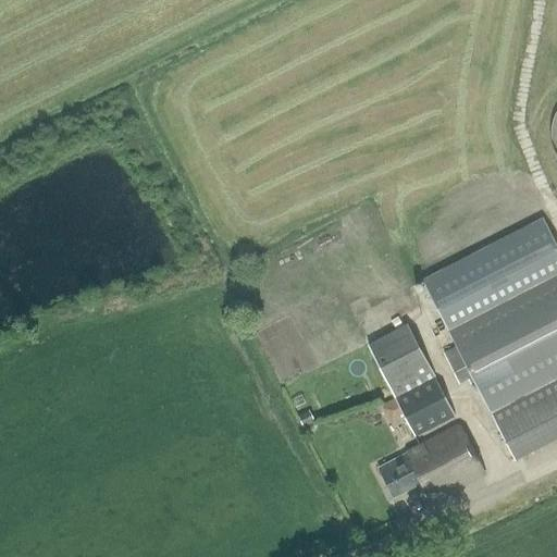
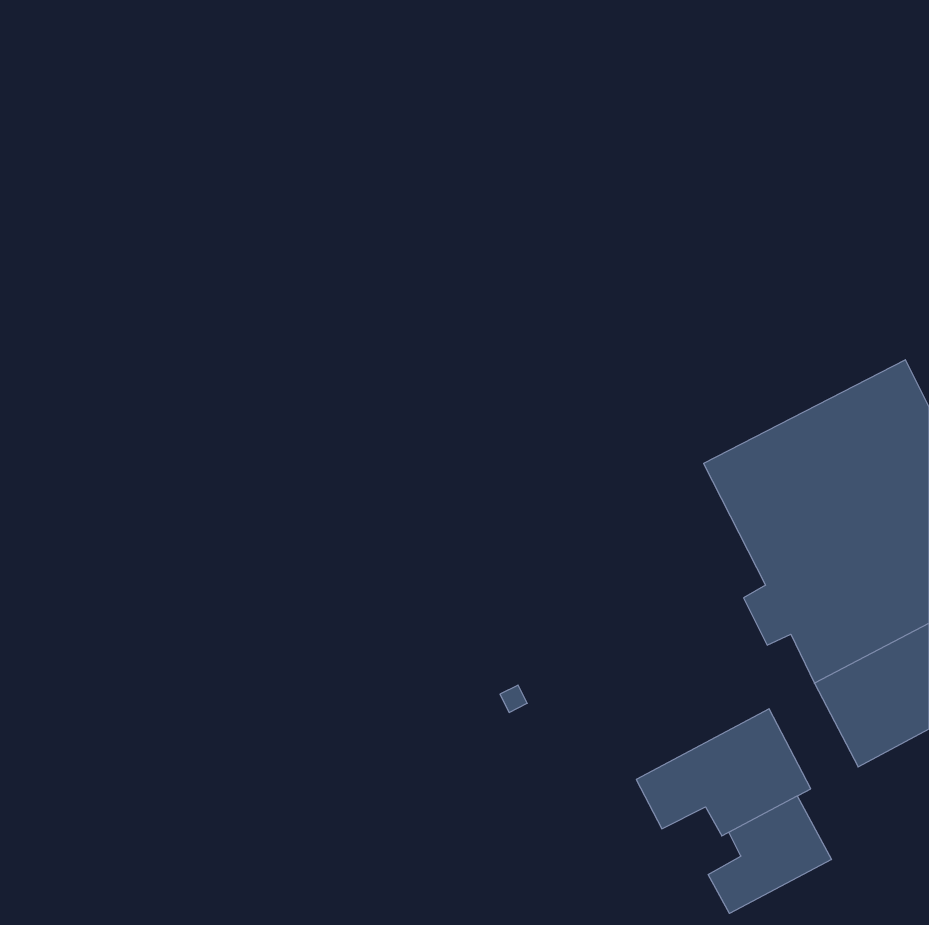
building: [368,322,456,435] -> none
building: none -> [708,796,831,913]

